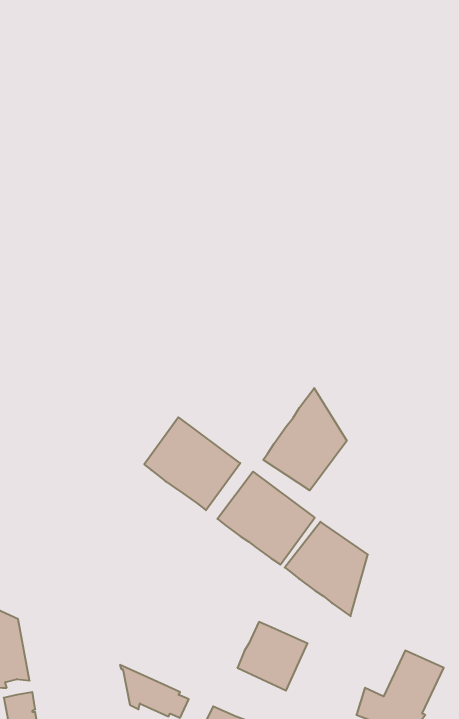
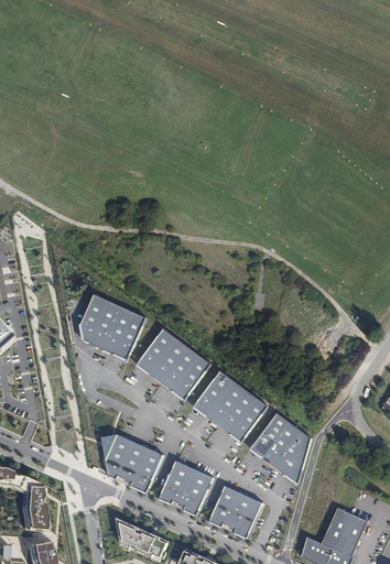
building: none -> [80,292,145,358]
building: [263,388,347,490] -> none
building: none -> [106,434,164,494]
building: none -> [159,460,214,516]

